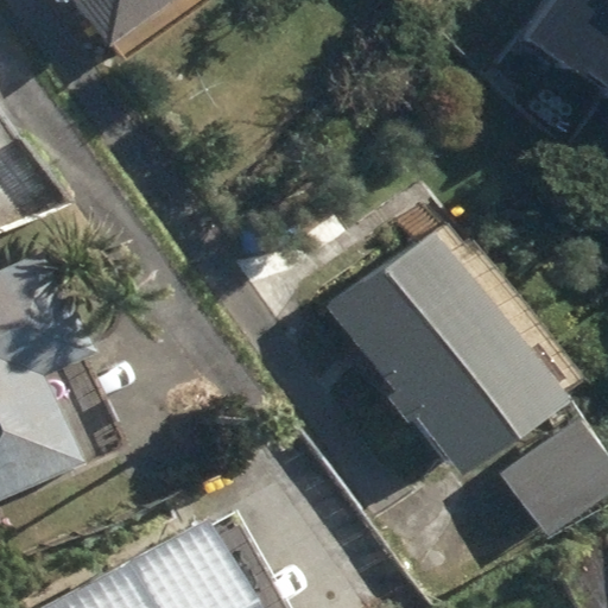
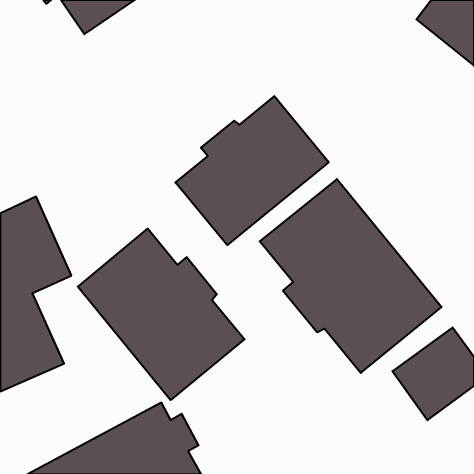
building: none -> [175,96,329,245]
building: none -> [78,229,245,400]

